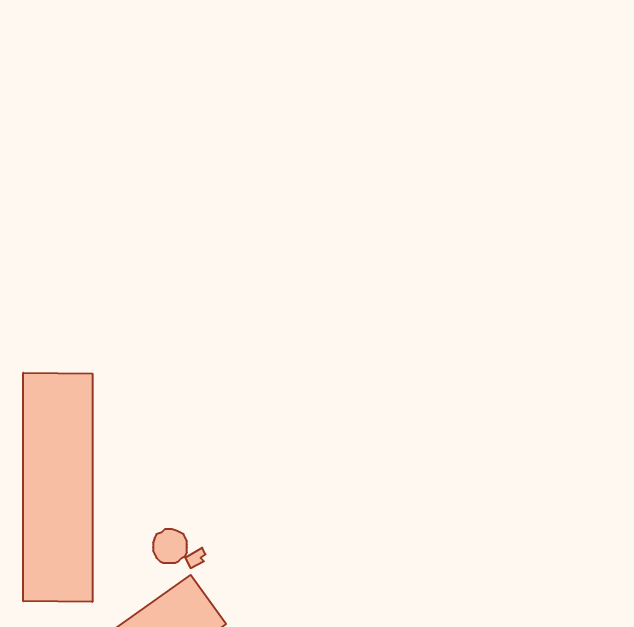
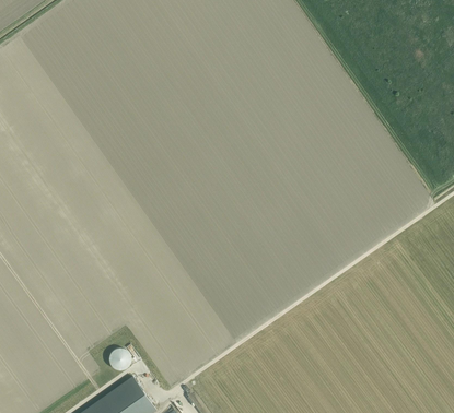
building: [23,373,92,602] -> none

